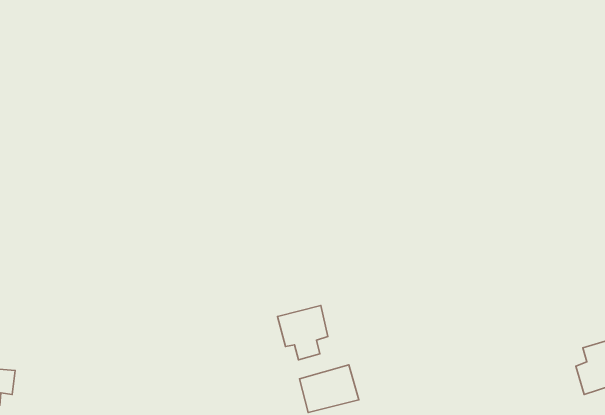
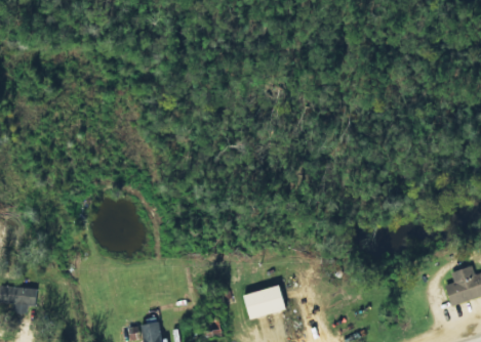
building: [277,306,328,360] -> none

